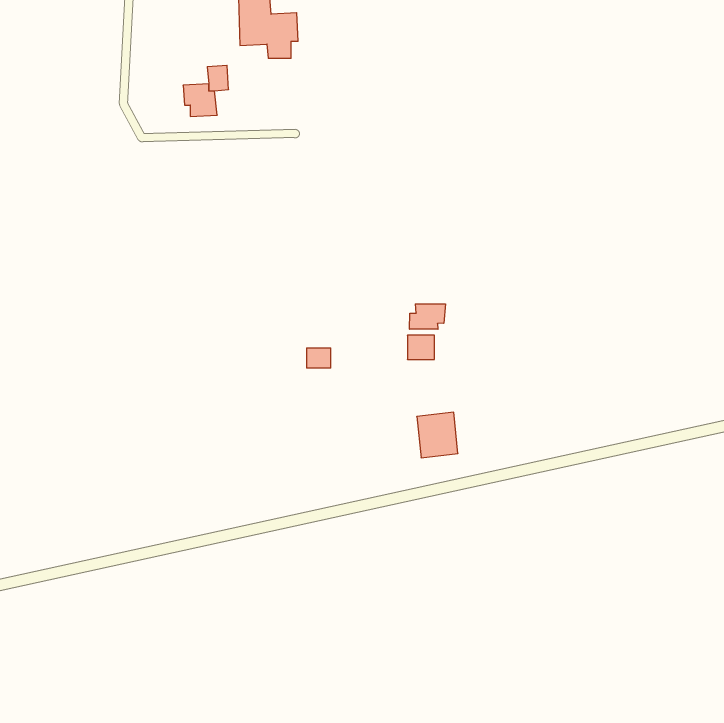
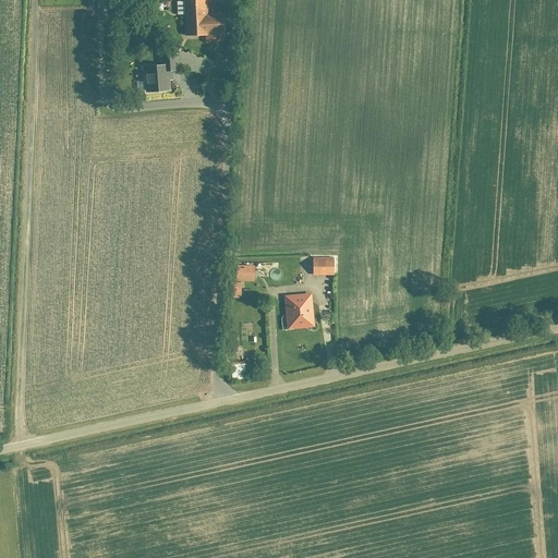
building: [410,304,445,329] -> none
building: [417,412,458,458] -> [282,293,314,328]

